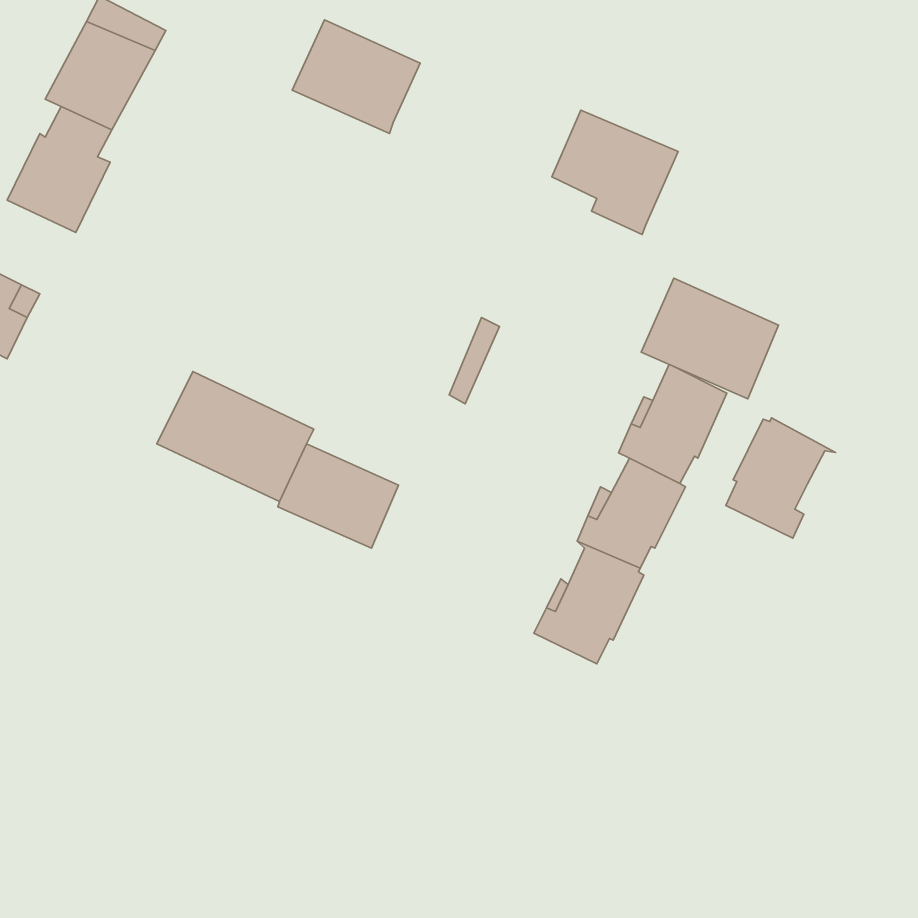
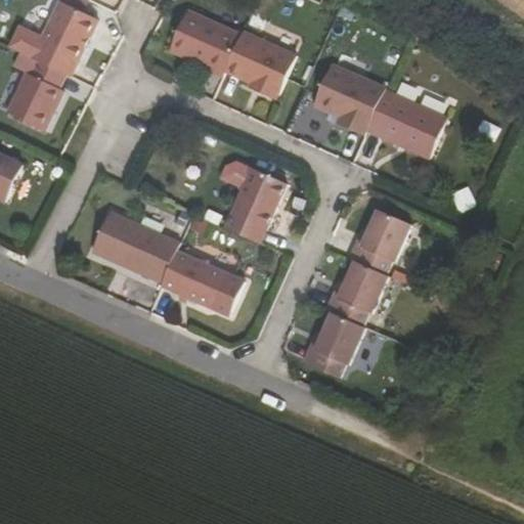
building: none -> [223,29,296,95]
building: [641,278,778,399] -> [366,86,444,155]
building: none -> [230,169,273,224]
building: [726,418,836,538] -> none

